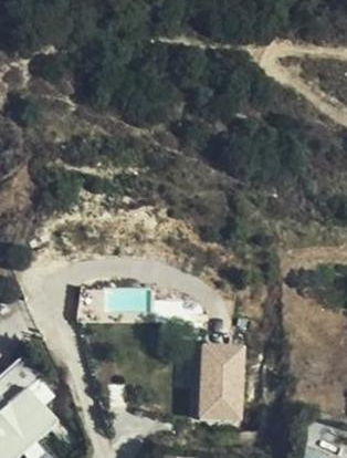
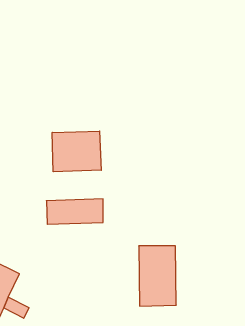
building: none -> [52,131,101,172]

